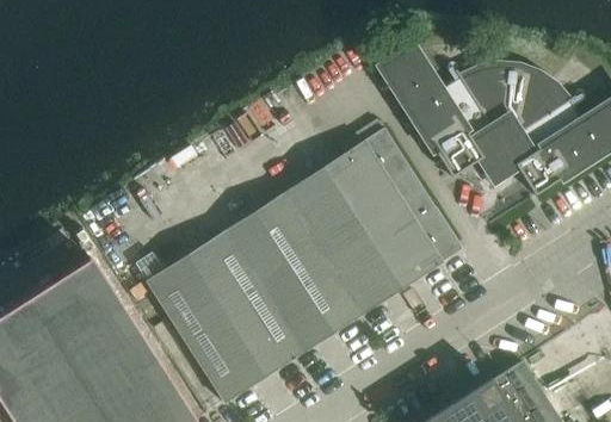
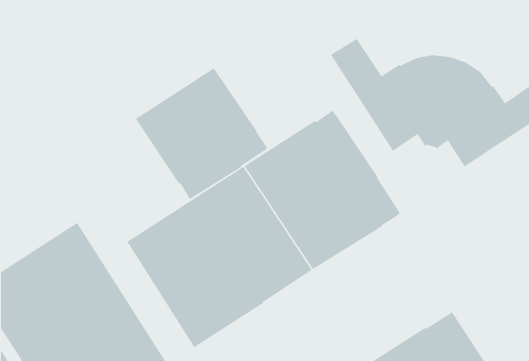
building: none -> [135,68,268,200]

